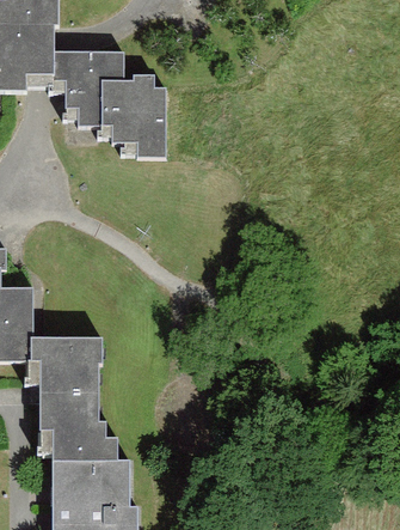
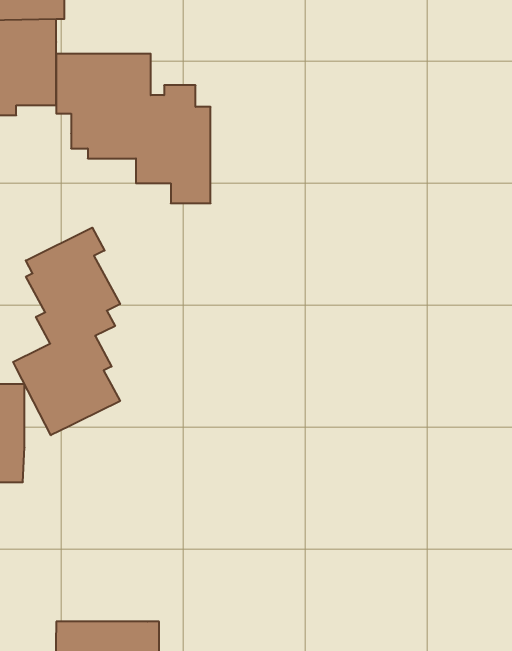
building: none -> [13,228,120,435]
building: [30,334,119,459] -> none

